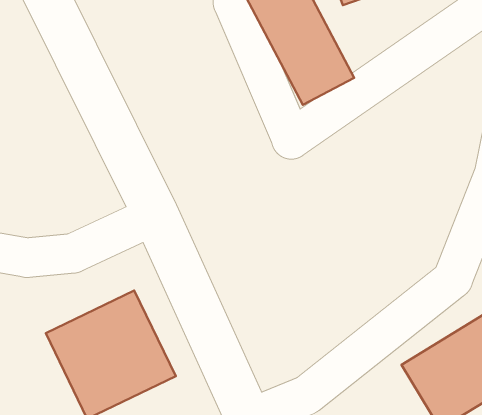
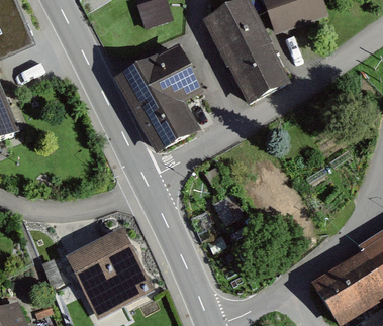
building: none -> [119,47,196,144]

